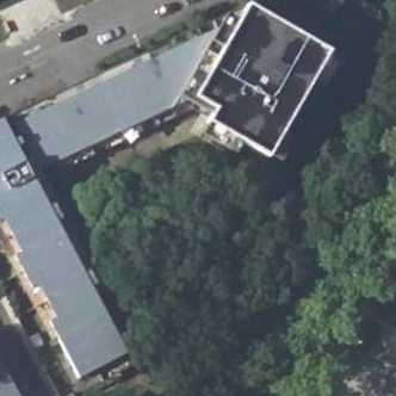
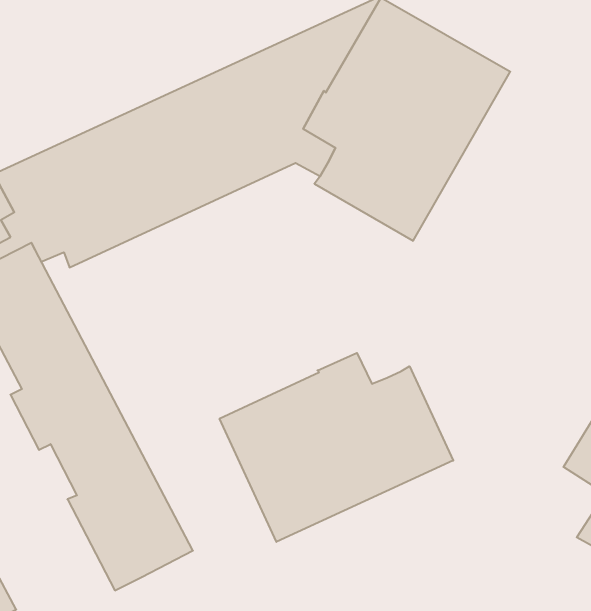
building: none -> [220,353,453,542]

